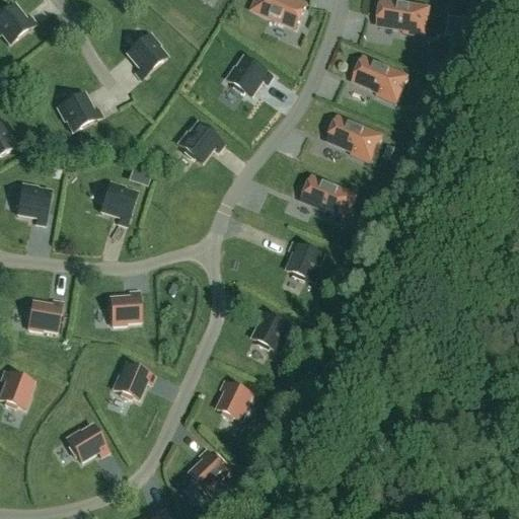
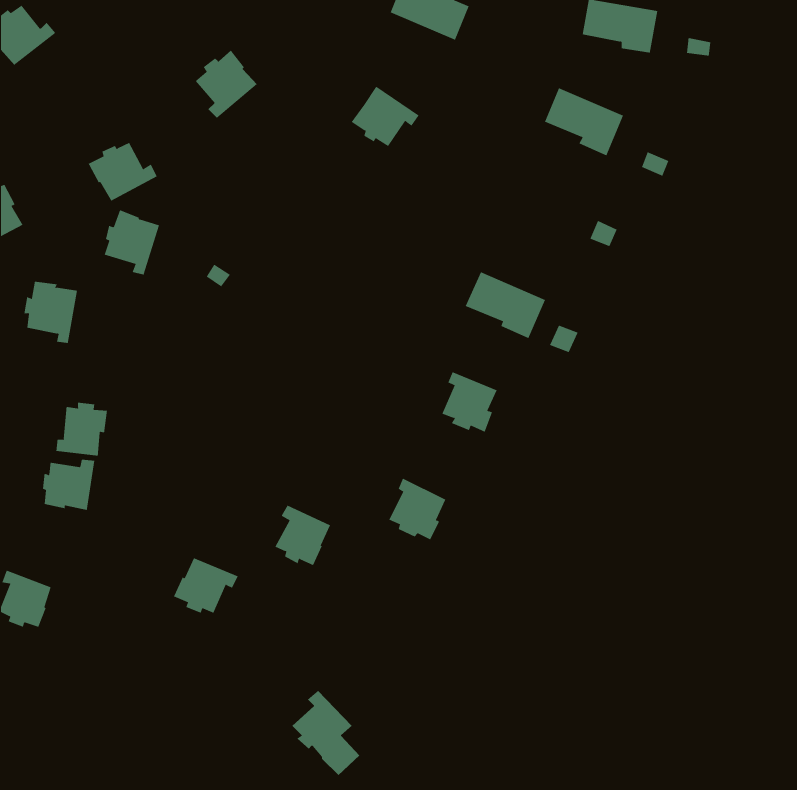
building: [328,117,380,160] -> none
building: [178,123,223,161] -> none
building: [100,180,137,223] -> [104,210,160,275]
building: none -> [56,402,107,456]
building: [108,289,140,324] -> none
building: [217,380,253,420] -> [275,505,331,566]
building: [67,423,108,460] -> none

